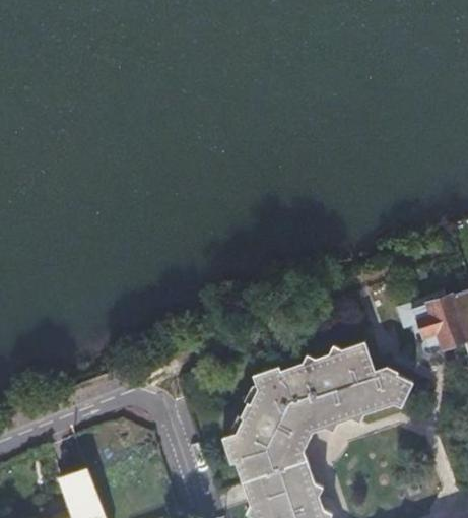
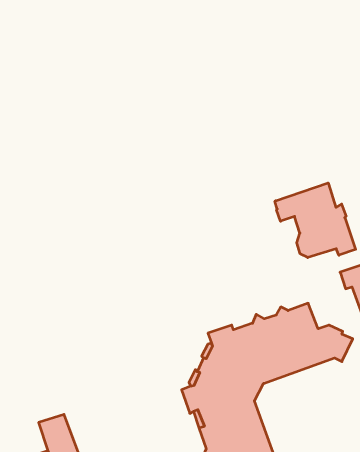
building: none -> [275,183,356,258]

